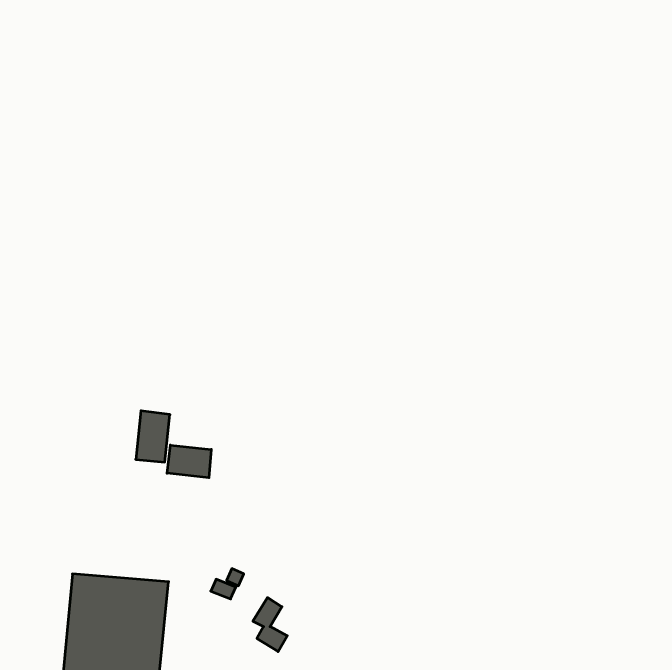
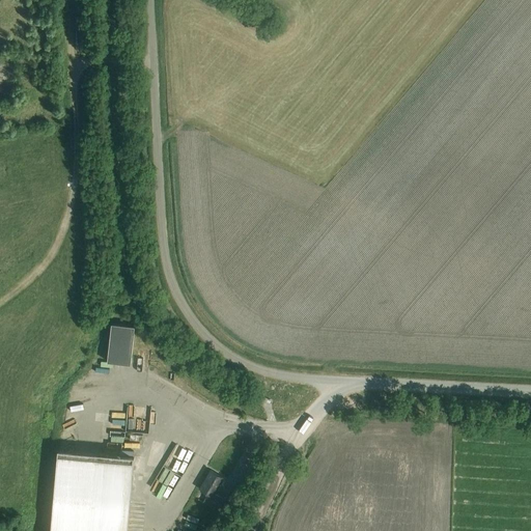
building: [167,445,211,478] -> none

